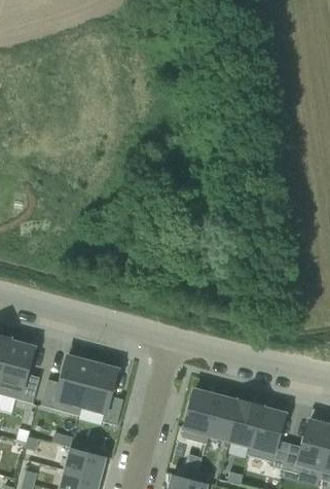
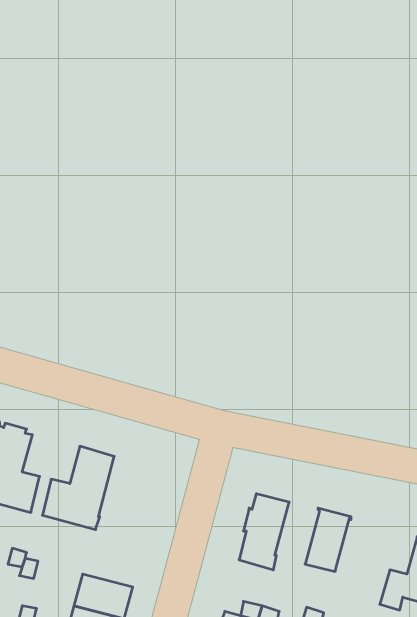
building: [78,361,123,425] -> none
building: [208,395,240,440] -> none
building: [247,407,290,468] -> none

